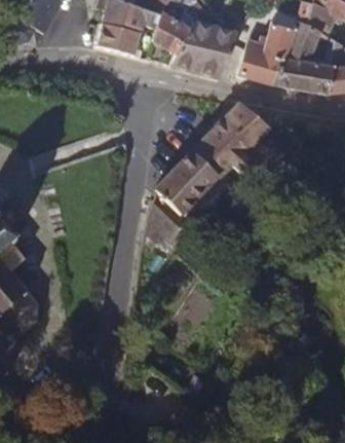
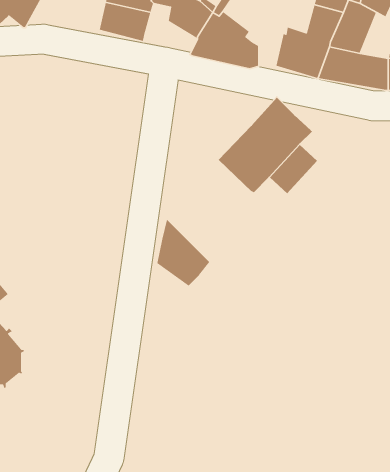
building: [158,149,221,213] -> none

